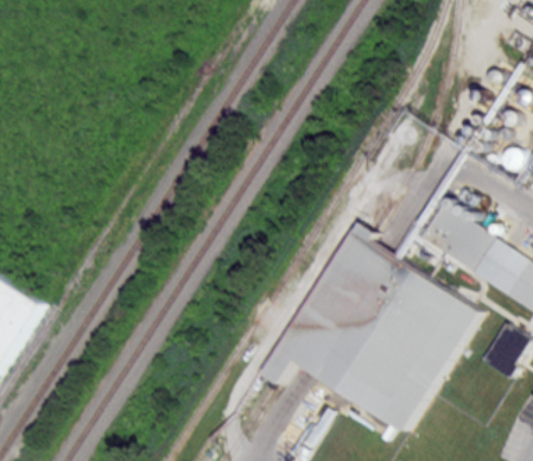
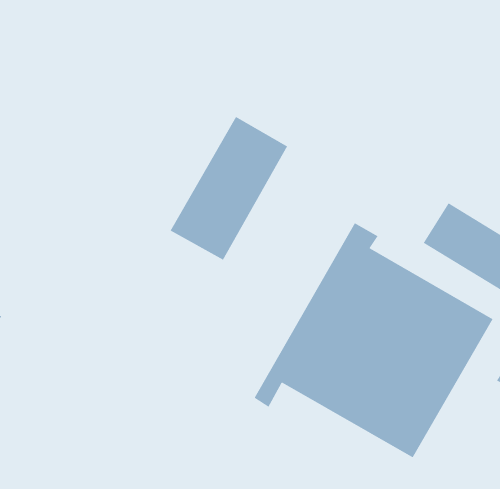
building: none -> [170,116,288,261]

